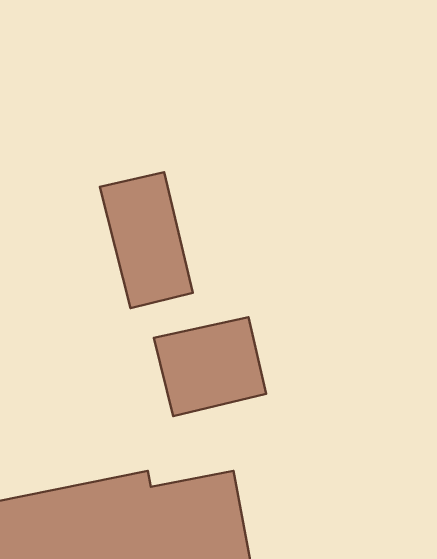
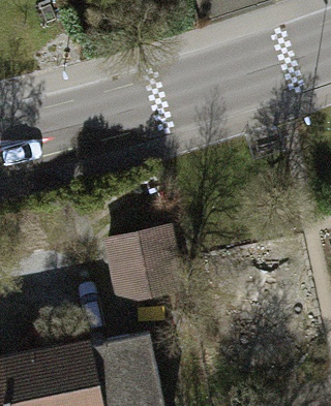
building: [100,172,193,308] -> none

